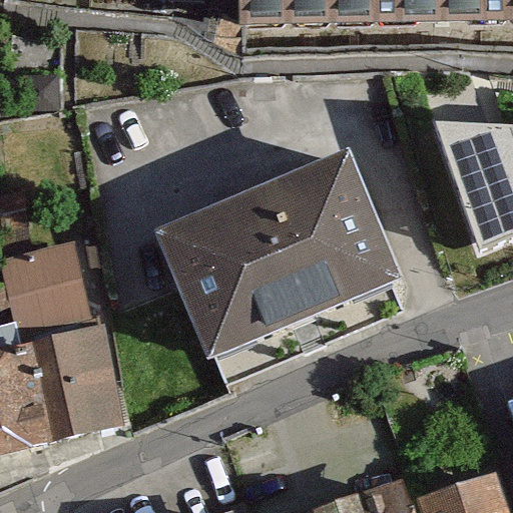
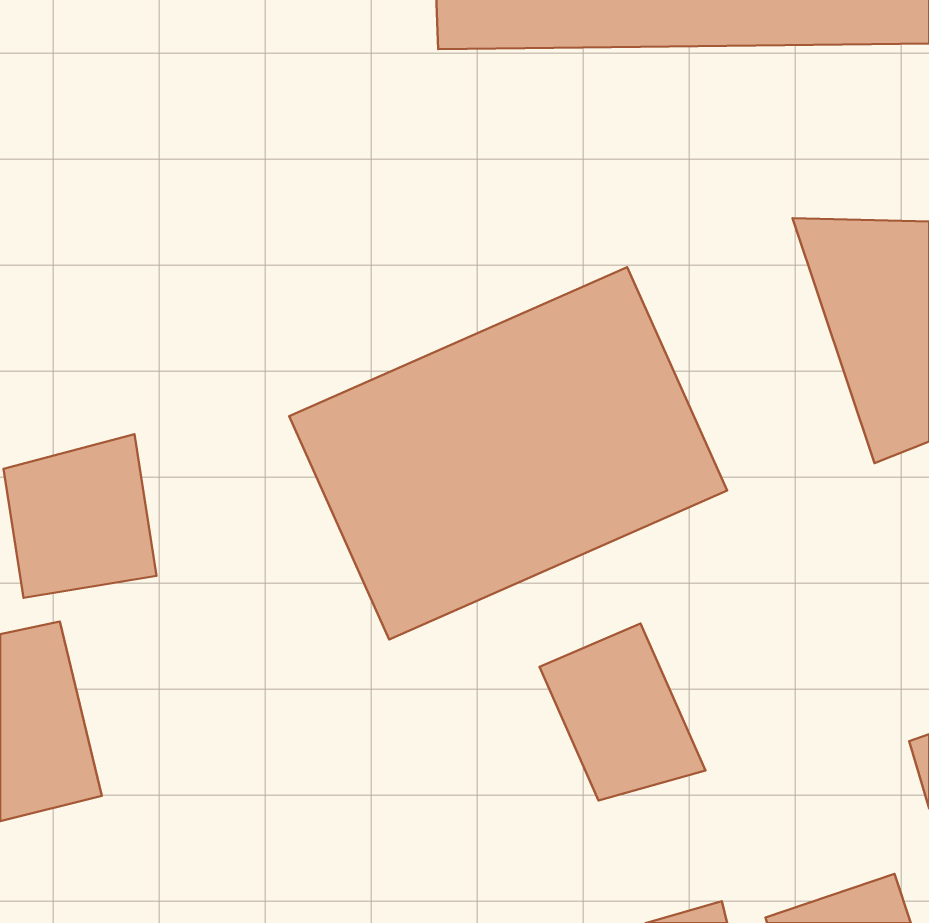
building: [32,321,126,439] -> none
building: none -> [539,624,705,800]

